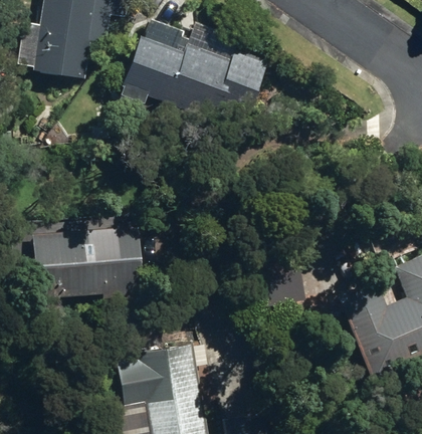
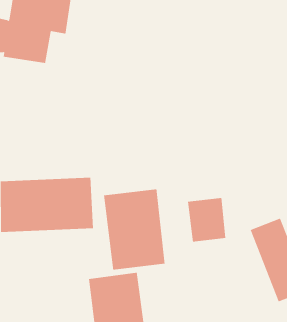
building: [116,24,268,134] -> none
building: none -> [103,189,165,270]

